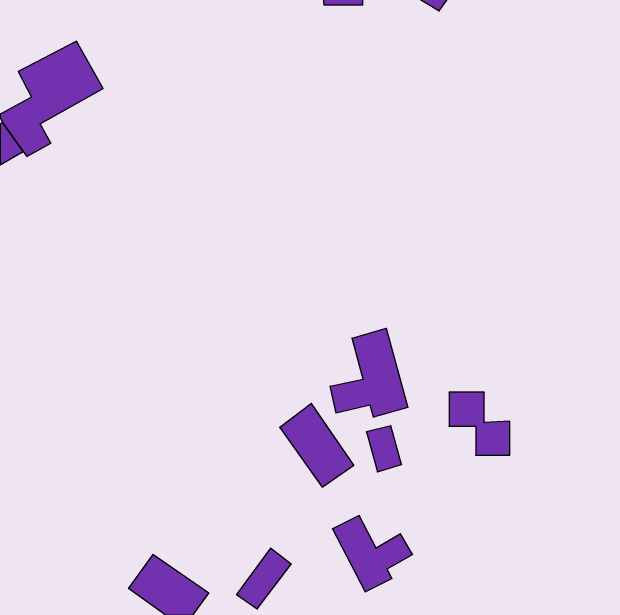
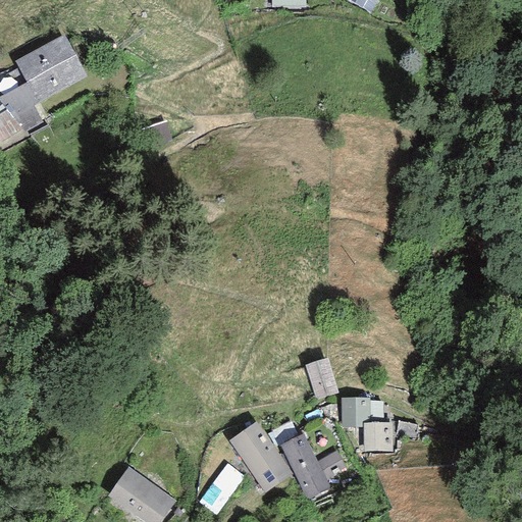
building: [330,328,408,417] -> none
building: [449,392,510,455] -> [341,397,392,450]
building: [280,403,354,487] -> [229,420,292,490]

